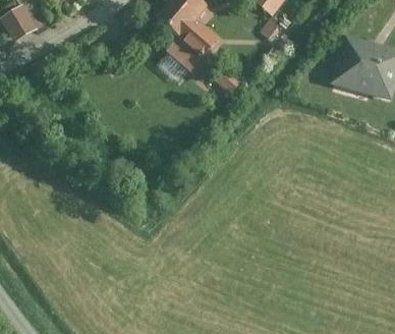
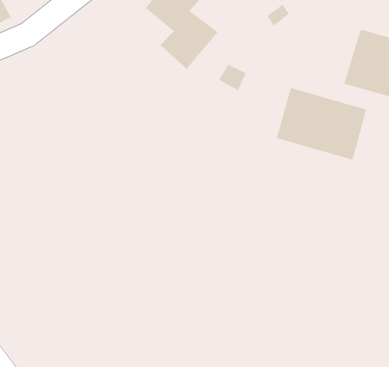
building: none -> [276,87,367,161]

